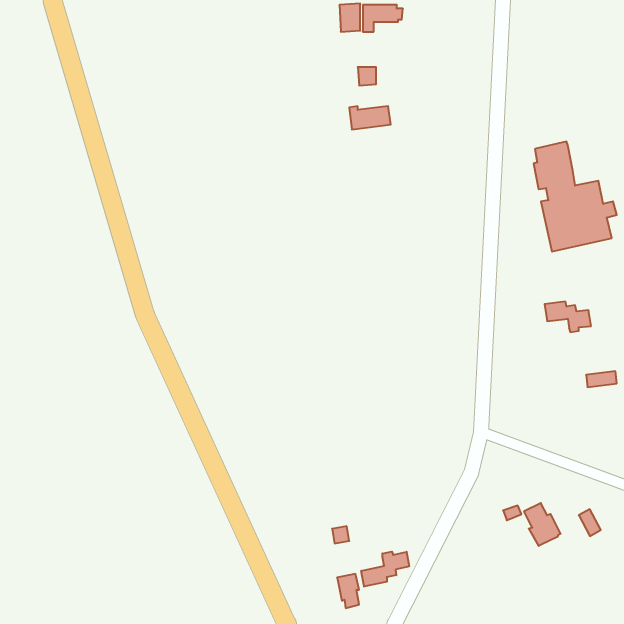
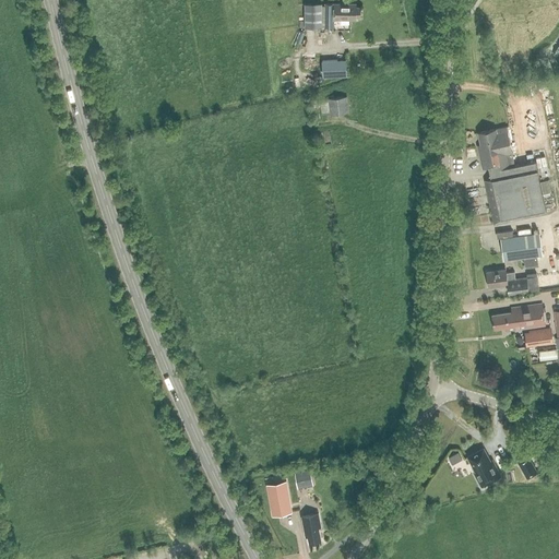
building: none -> [500,233,543,261]
building: none -> [492,305,545,331]
building: none -> [266,480,292,515]
building: [361,552,409,587] -> none

